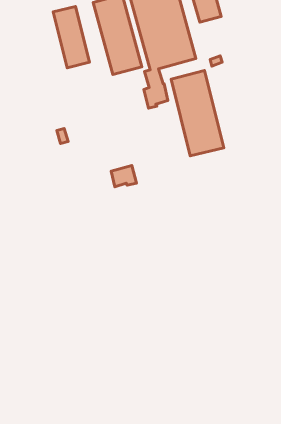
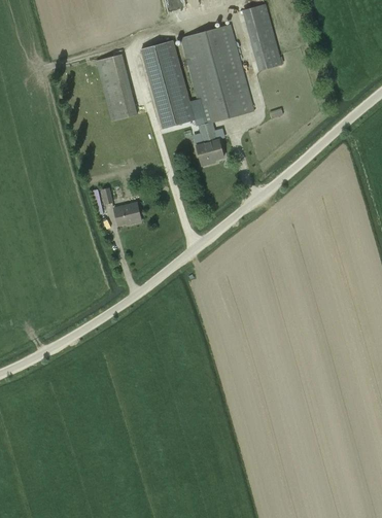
building: [171,71,224,156] -> none
building: [111,166,136,187] -> [112,201,140,225]

